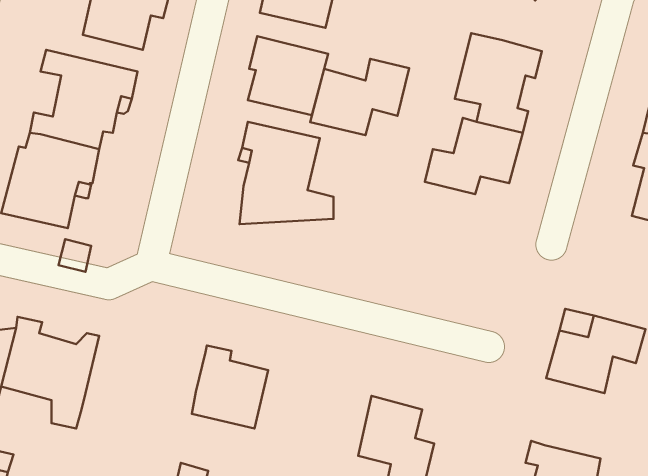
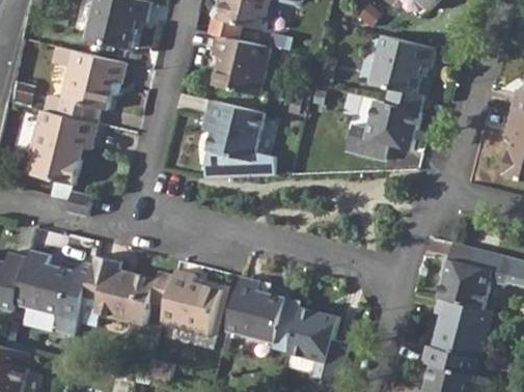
building: [310,59,409,135] -> none
building: none -> [82,256,176,325]
building: none -> [231,276,293,342]
building: none -> [431,297,492,359]

